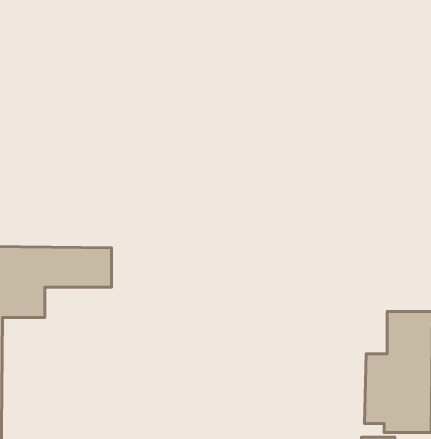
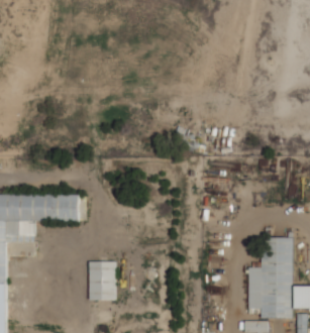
building: none -> [90,261,115,301]

